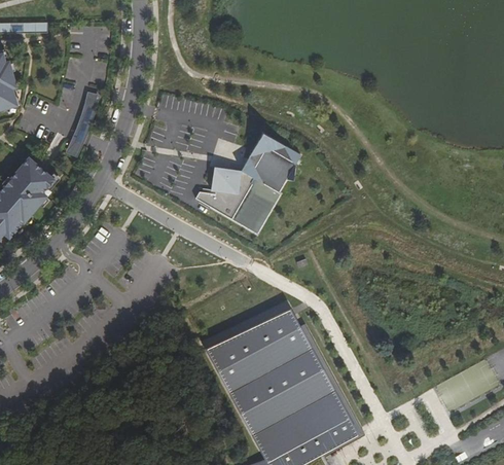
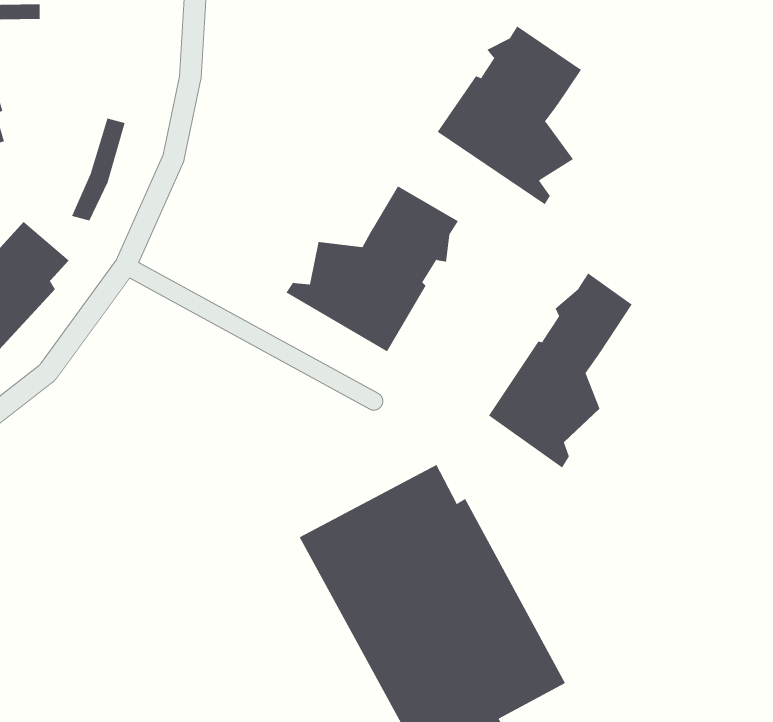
building: none -> [437,26,582,205]
building: none -> [488,272,632,469]

